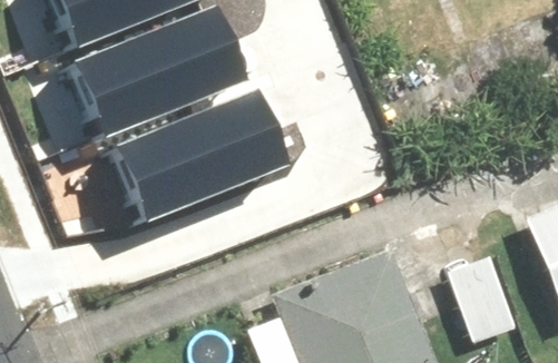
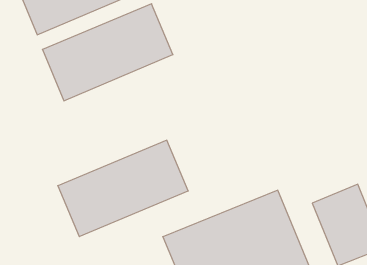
building: [121,90,291,215] -> [58,140,188,237]

